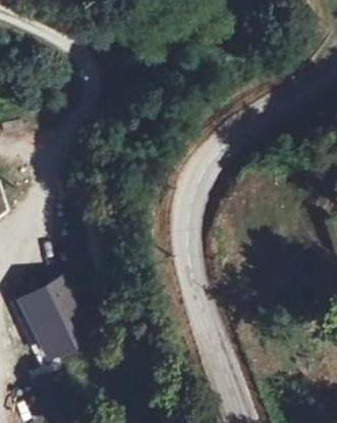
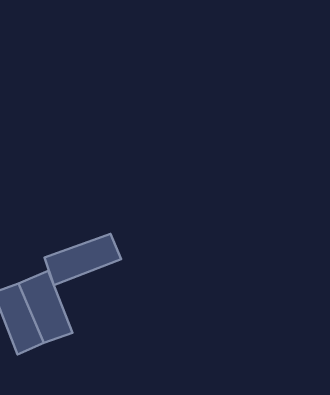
building: none -> [44,234,121,285]

